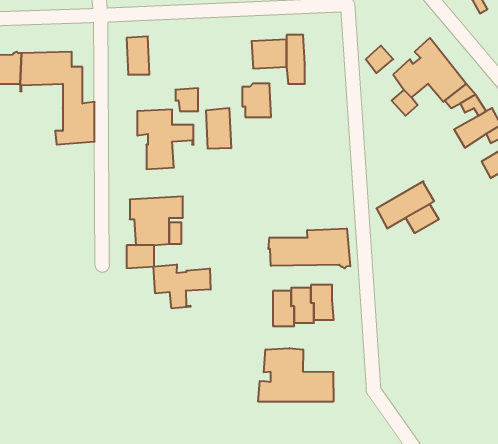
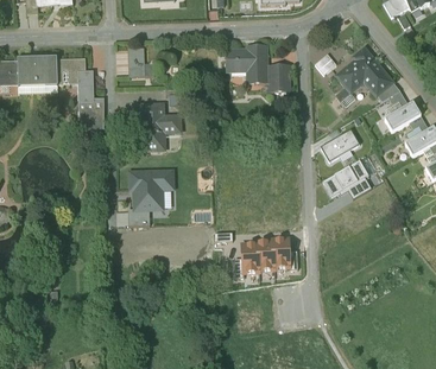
building: [242,84,271,117] -> [267,65,290,91]
building: [206,108,231,149] -> none
building: none -> [321,129,359,161]
building: [268,228,350,268] -> none
building: [154,264,211,308] -> none
building: [258,348,333,402] -> none

